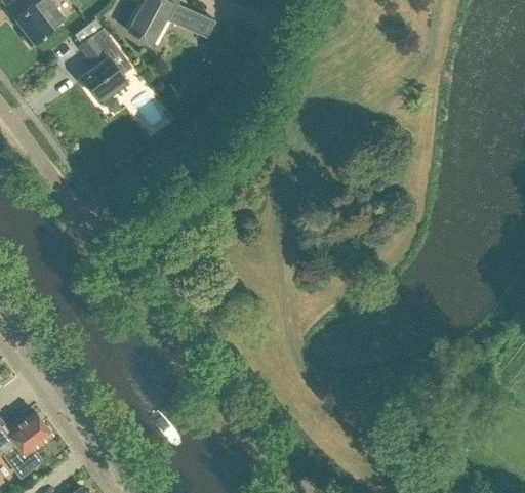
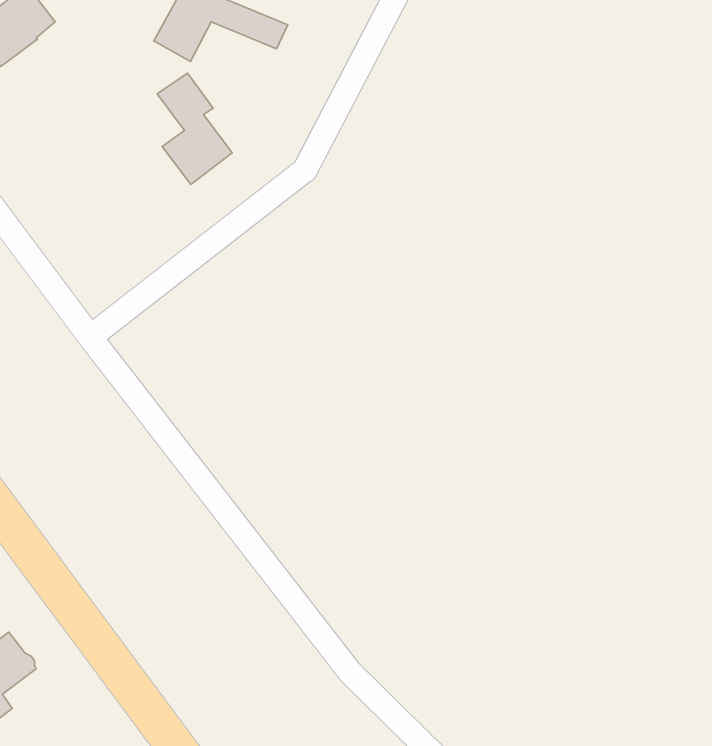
building: [79,30,127,101] -> [157,73,232,185]

